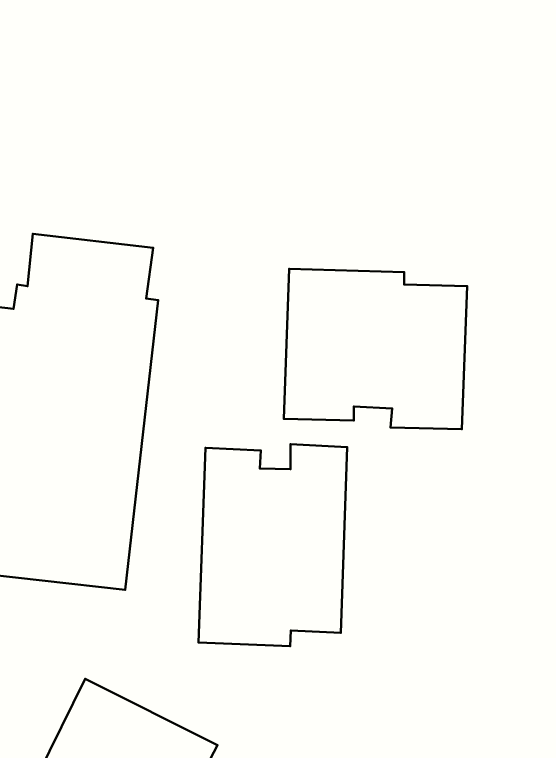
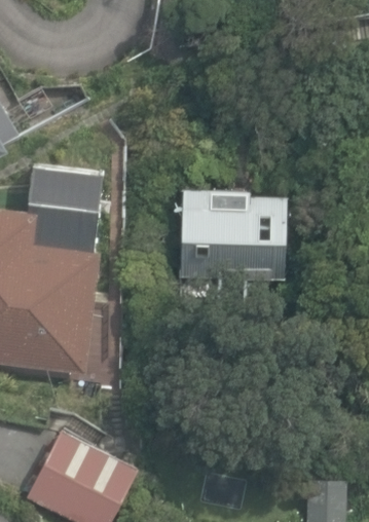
building: [199,444,347,646] -> none

